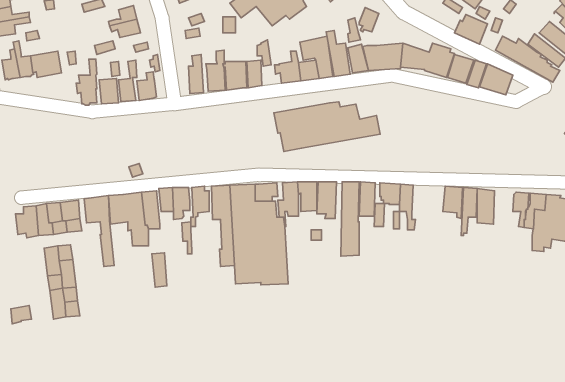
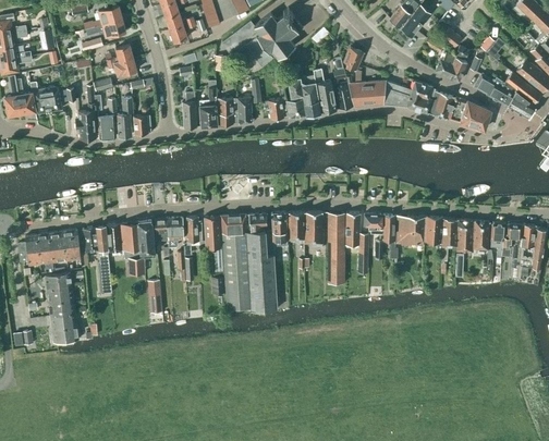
building: [274,102,380,151] -> none
building: none -> [394,217,426,247]
building: none -> [473,222,492,269]

